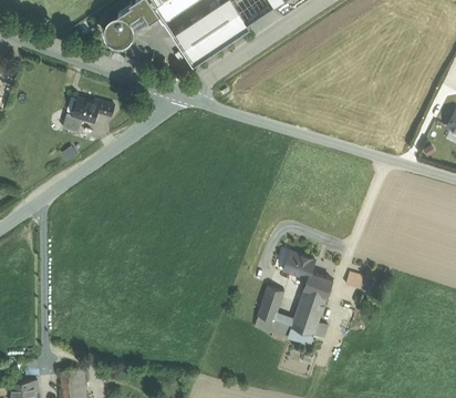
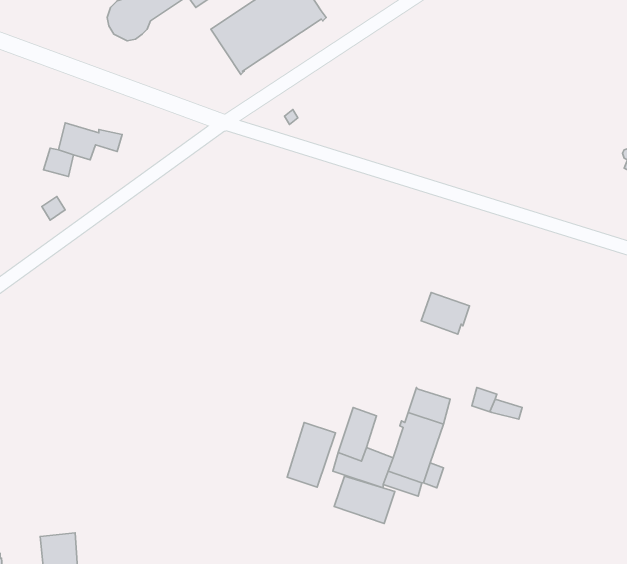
building: [283,252,315,279] -> [421,292,470,334]
building: none -> [287,422,336,487]
building: none -> [334,476,395,523]

